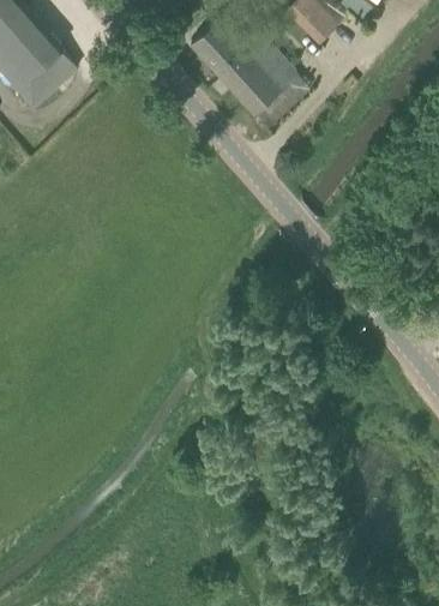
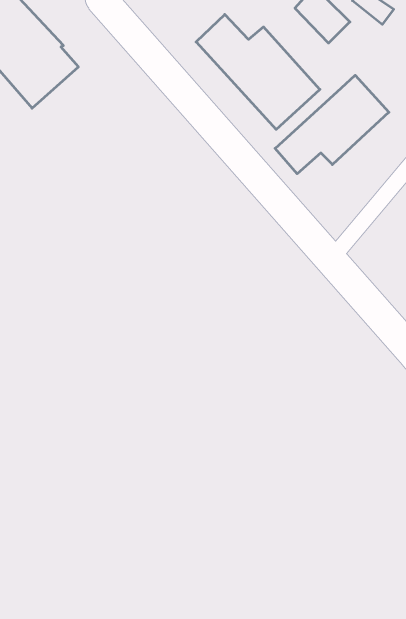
building: none -> [275,75,389,174]

